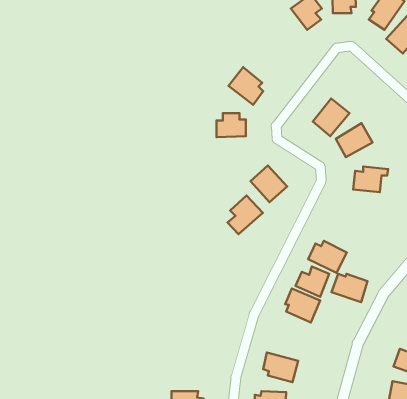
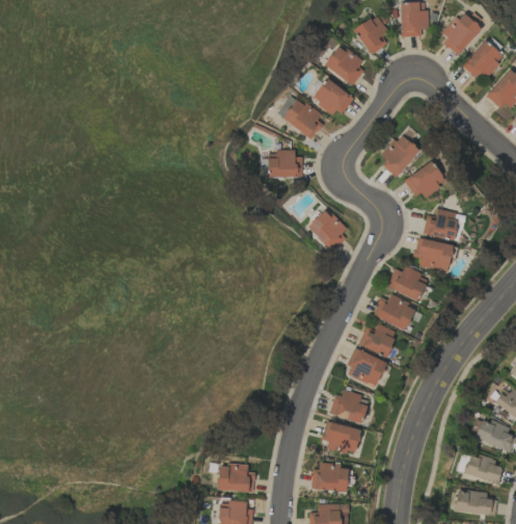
building: none -> [324,45,363,84]
building: none -> [311,78,352,117]
building: none -> [414,239,452,270]
building: [227,196,263,234] -> none
building: [332,274,367,302] -> [386,268,427,300]
building: none -> [329,391,369,424]

